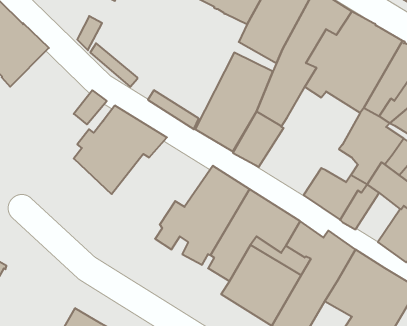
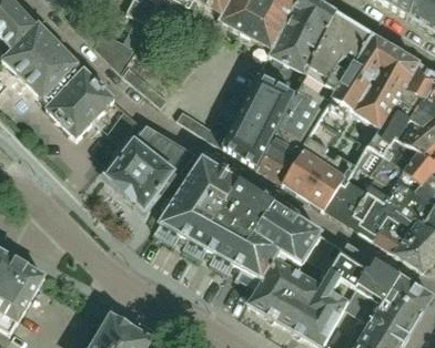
building: none -> [45,68,115,136]
building: none -> [282,133,357,206]
building: none -> [154,155,239,247]
building: none -> [373,204,415,250]

